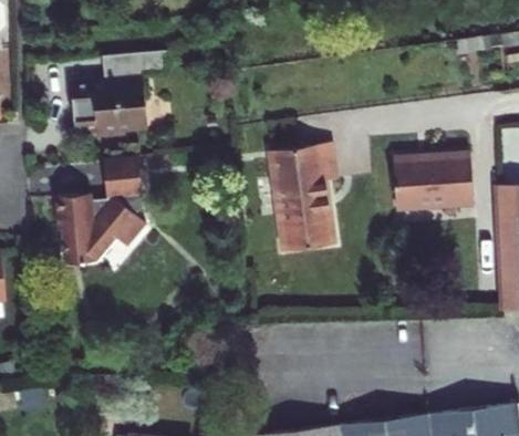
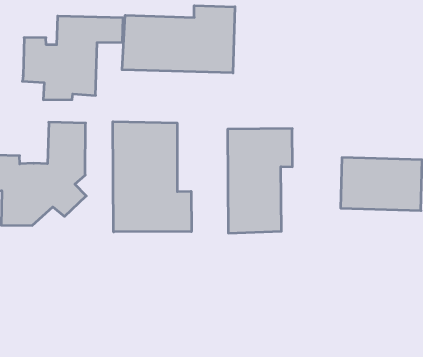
building: none -> [122,6,235,73]
building: none -> [113,122,191,232]

